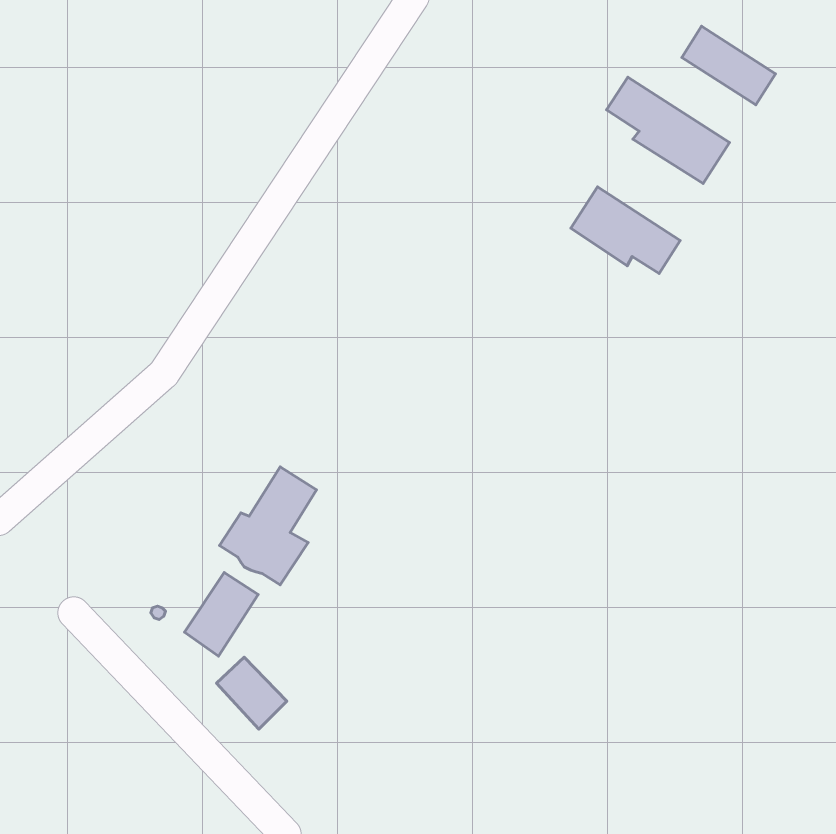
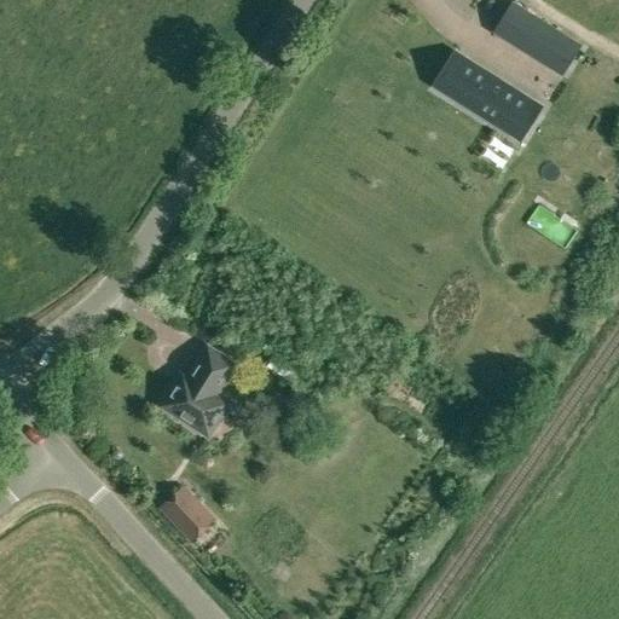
building: [571,187,680,274] -> none
building: [184,572,258,656] -> none

